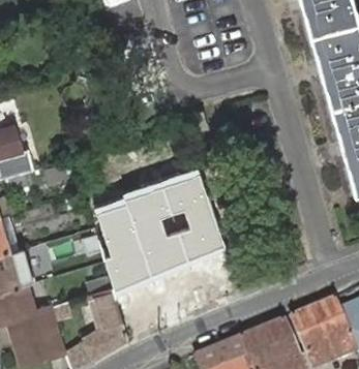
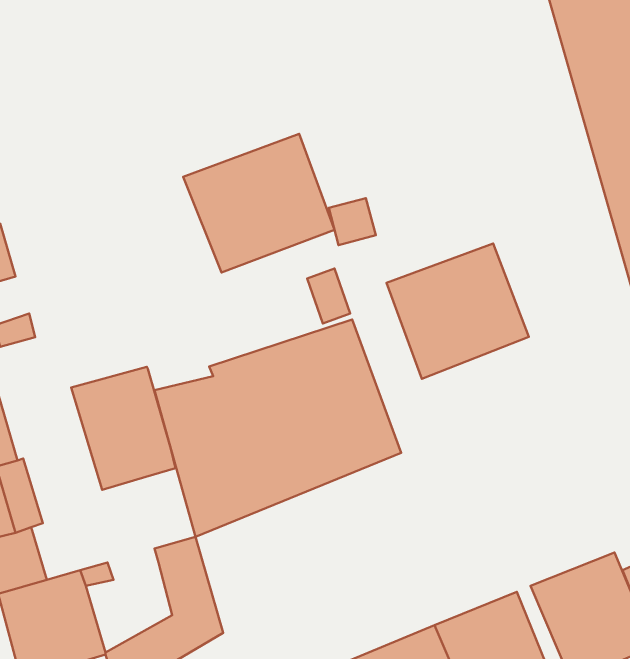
building: none -> [183,134,335,272]
building: none -> [386,243,529,379]
building: none -> [71,367,175,490]

